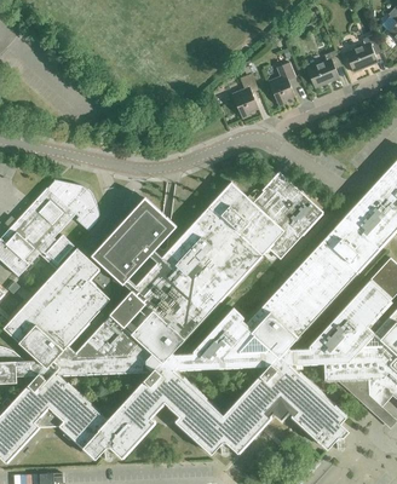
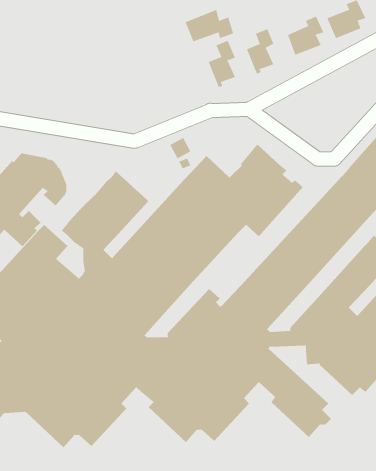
building: none -> [185,9,234,42]

